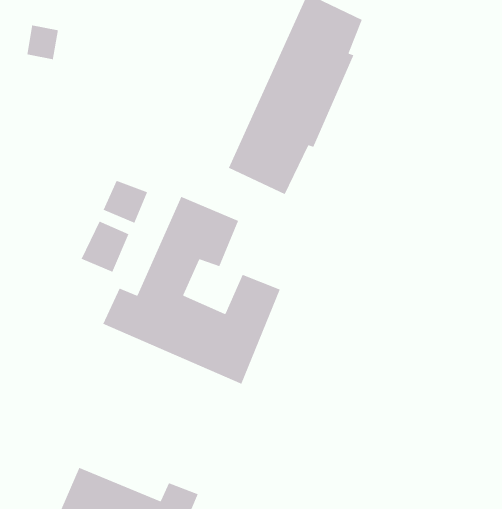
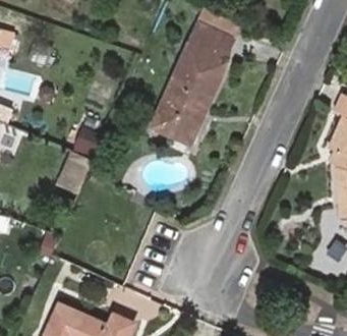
building: [102,196,281,385] -> none

